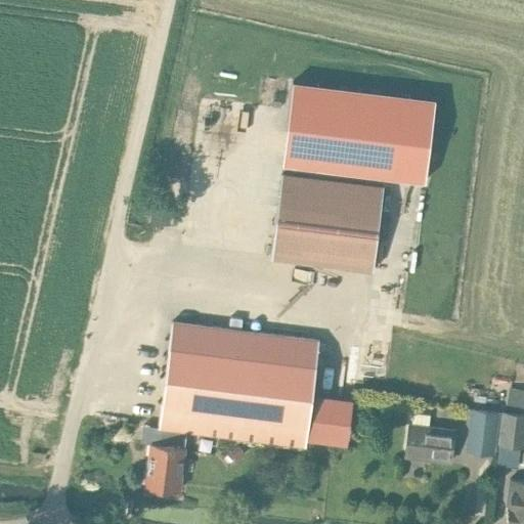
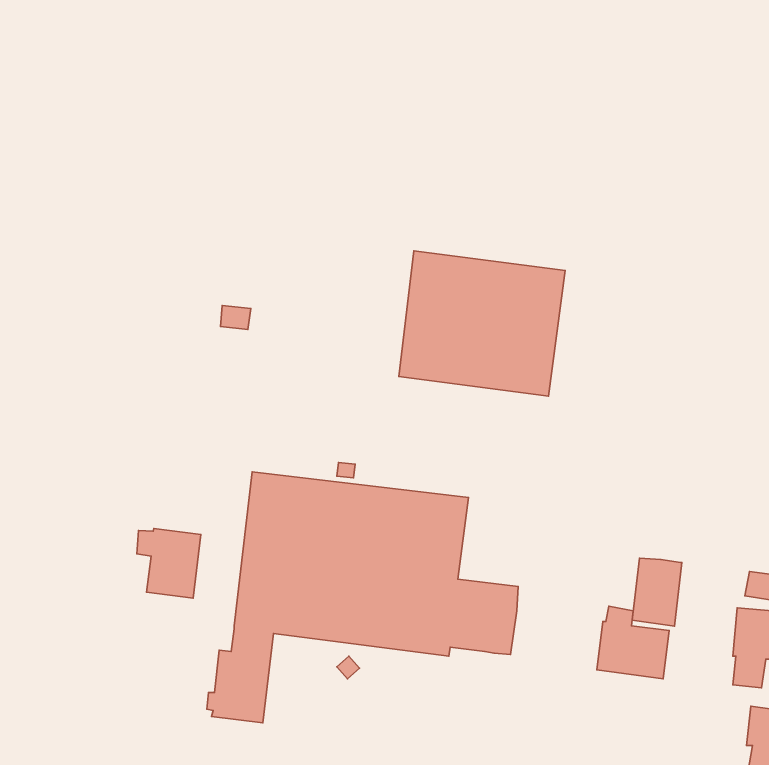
building: [283,85,436,185] -> none
building: none -> [137,528,201,598]
building: [467,412,500,458] -> [632,558,682,626]

